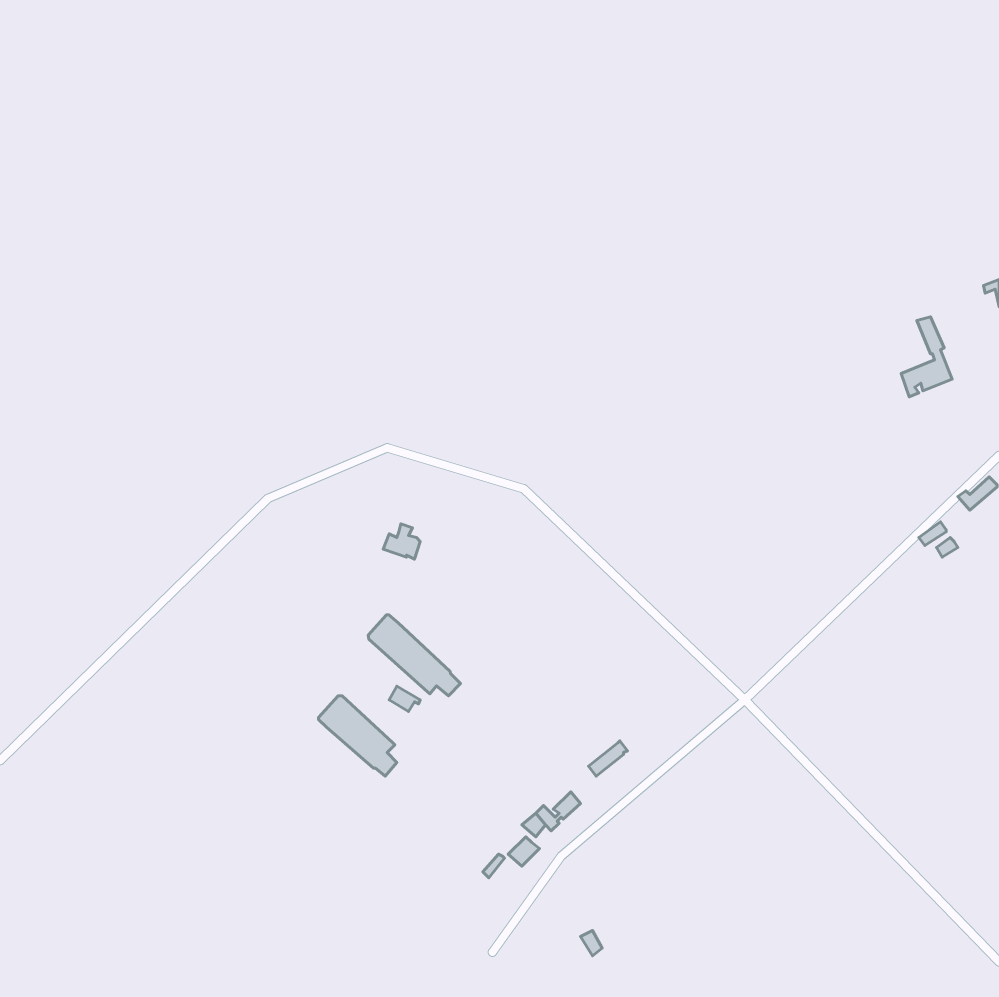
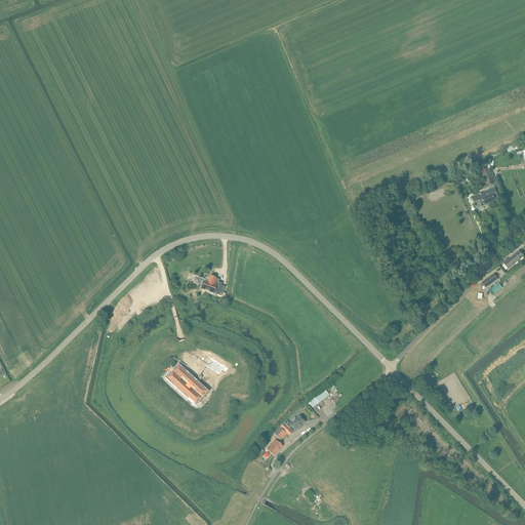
building: [368,615,461,696] -> none

